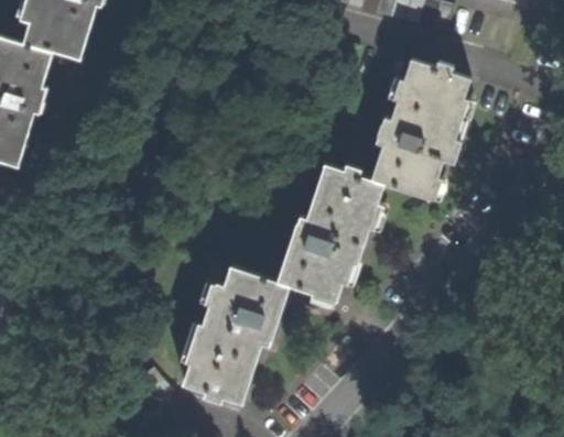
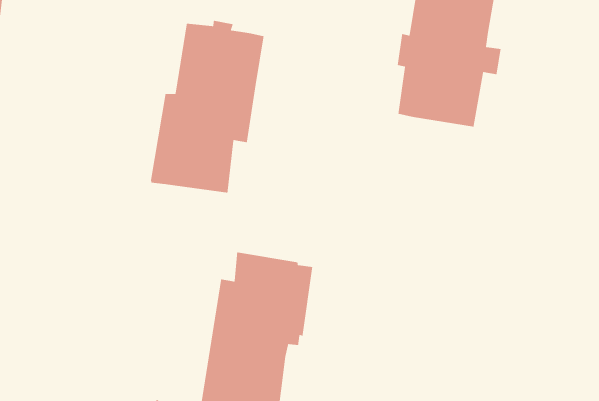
building: [278,165,383,302] -> [150,20,264,193]

